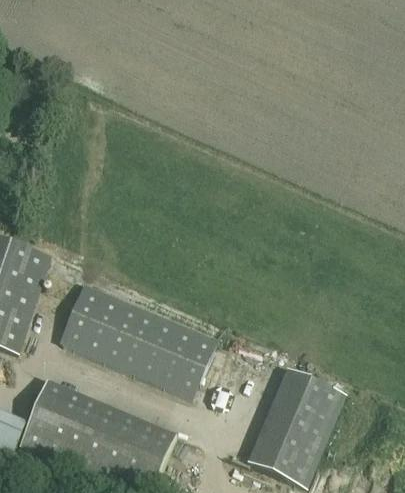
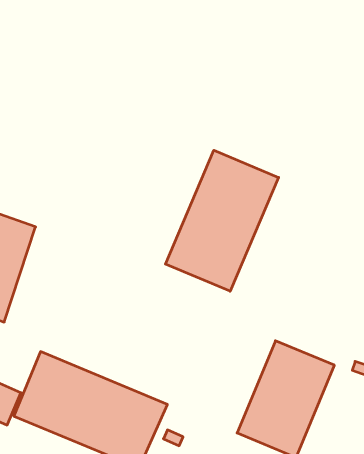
building: none -> [165,150,279,291]
building: [61,284,217,399] -> none

